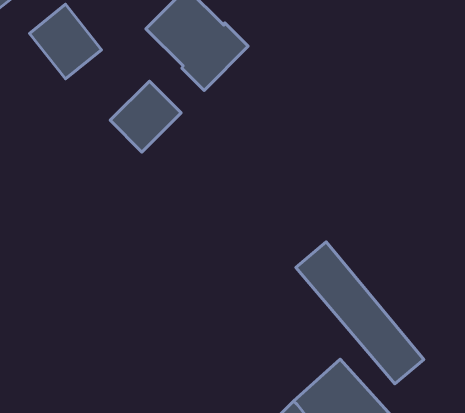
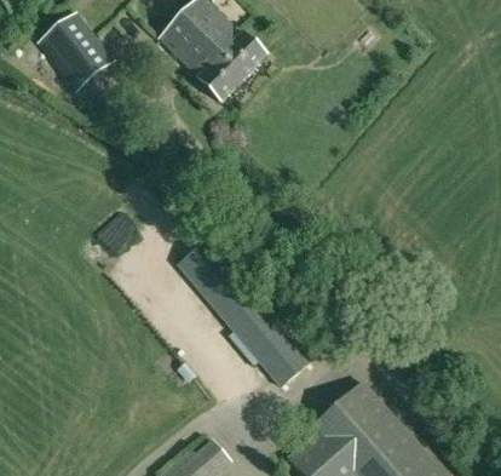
building: [110,81,181,152] -> none
building: [296,242,424,384] -> [177,237,310,385]

